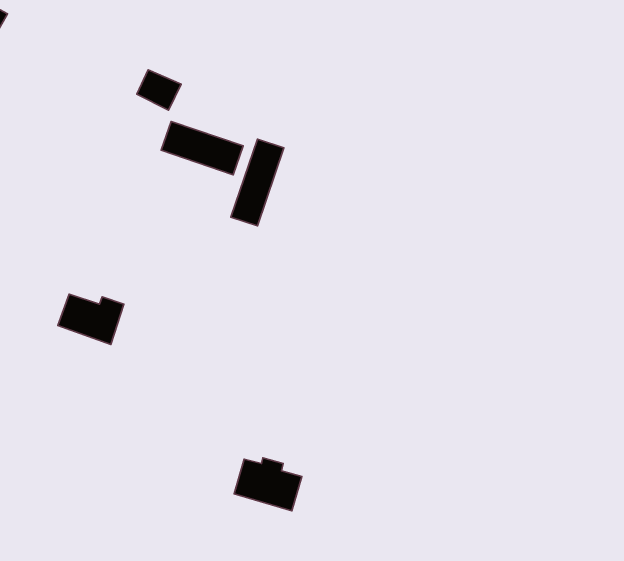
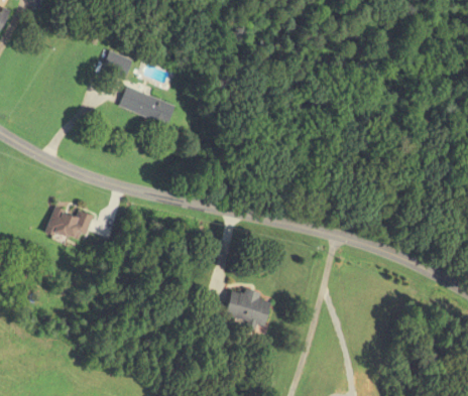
building: [231,139,284,226] -> none
building: [234,458,302,511] -> [225,289,272,326]

